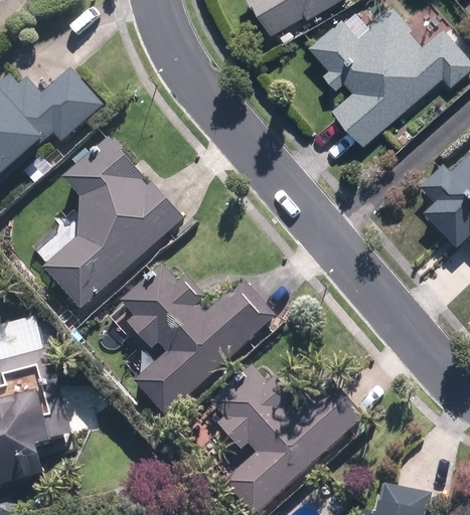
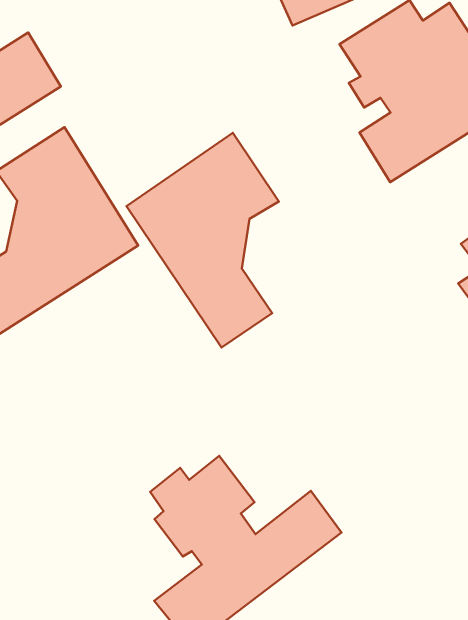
building: none -> [126,133,279,348]
building: [104,264,274,414] -> none

